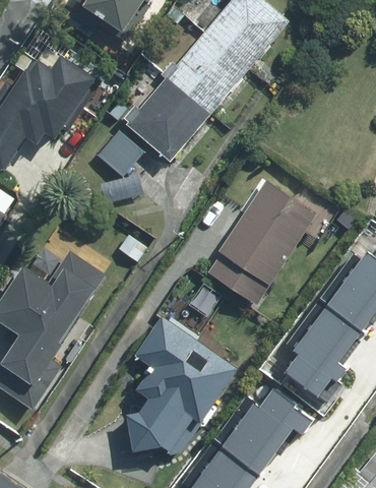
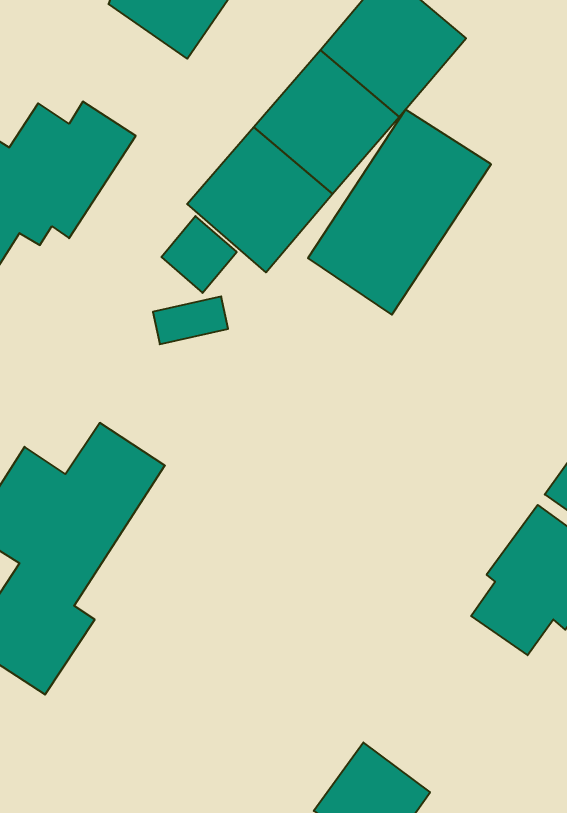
building: [213,180,322,302] -> [308,110,491,315]
building: [125,309,243,454] -> none
building: [224,382,312,466] -> none

